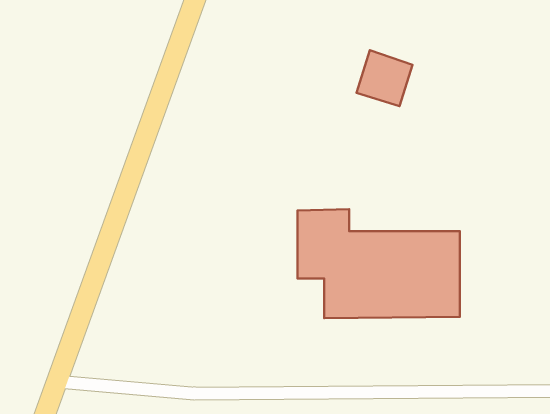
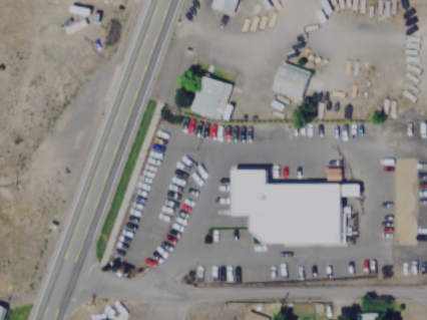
building: none -> [190,74,231,118]

